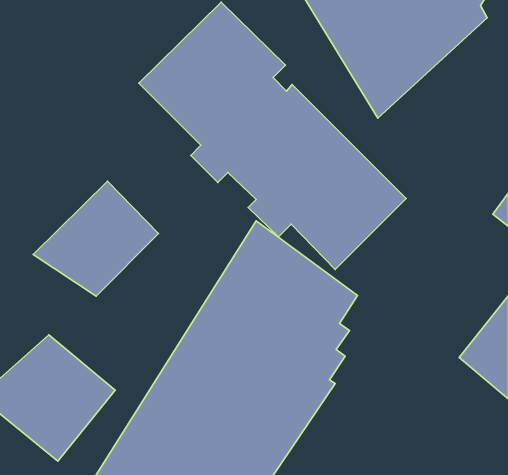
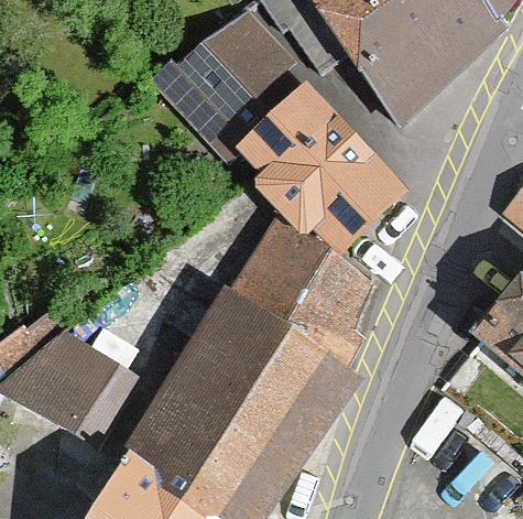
building: [33,181,159,296] -> none

